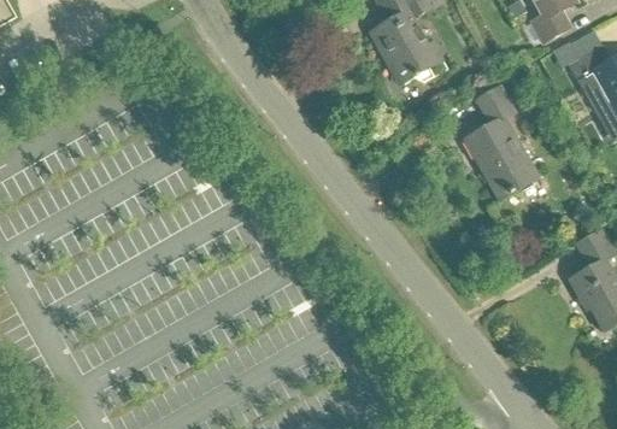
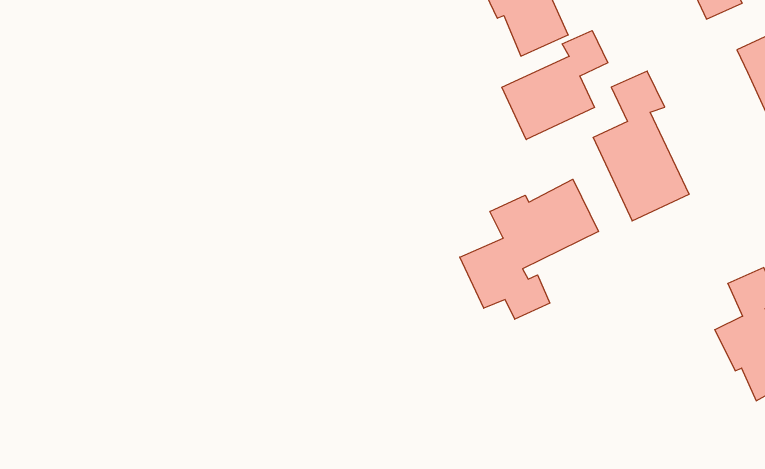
building: none -> [502,31,608,140]
building: none -> [460,179,598,319]

